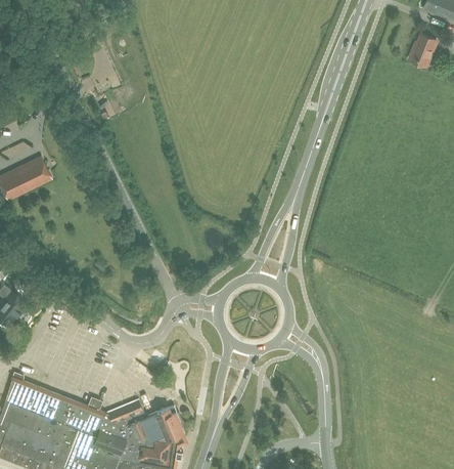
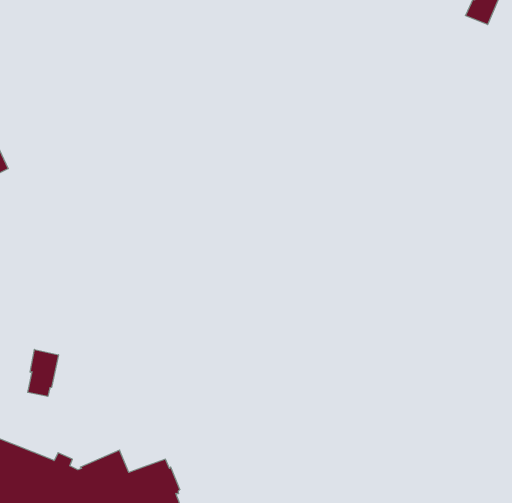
building: none -> [28,349,58,396]

